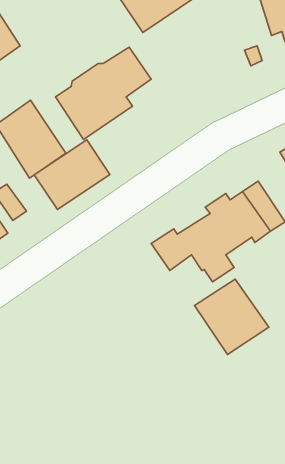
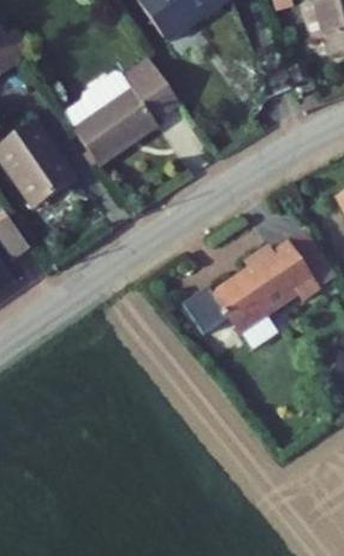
building: [34,140,110,209] -> none
building: [194,279,269,354] -> none

